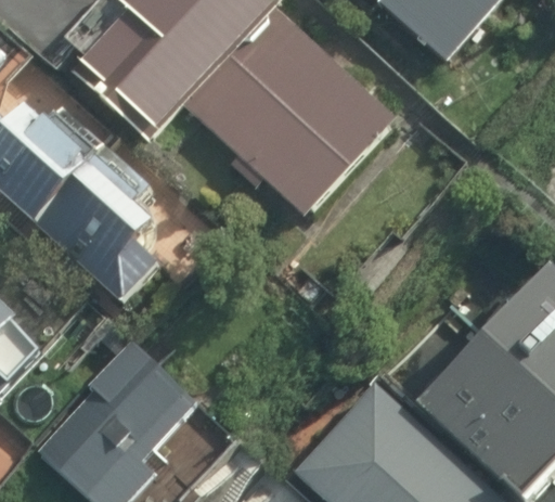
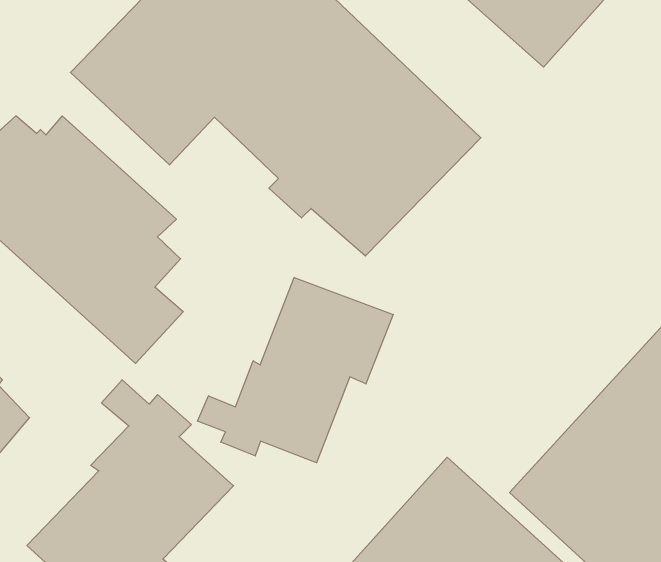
building: none -> [197,277,393,463]

